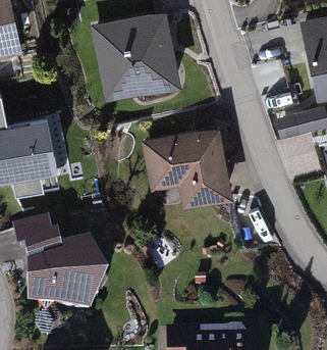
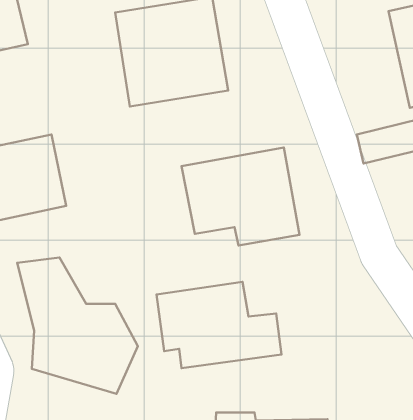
building: none -> [156,282,282,368]

